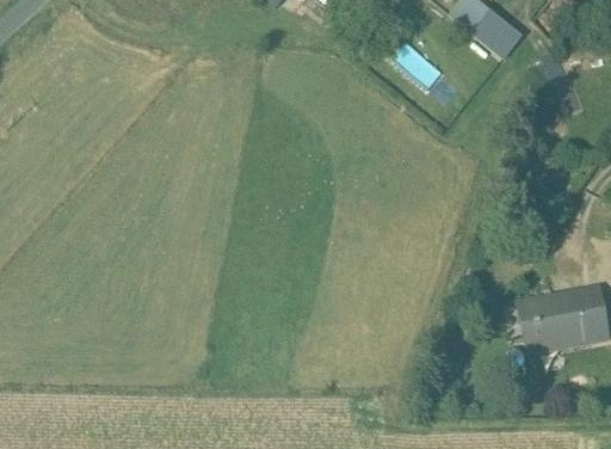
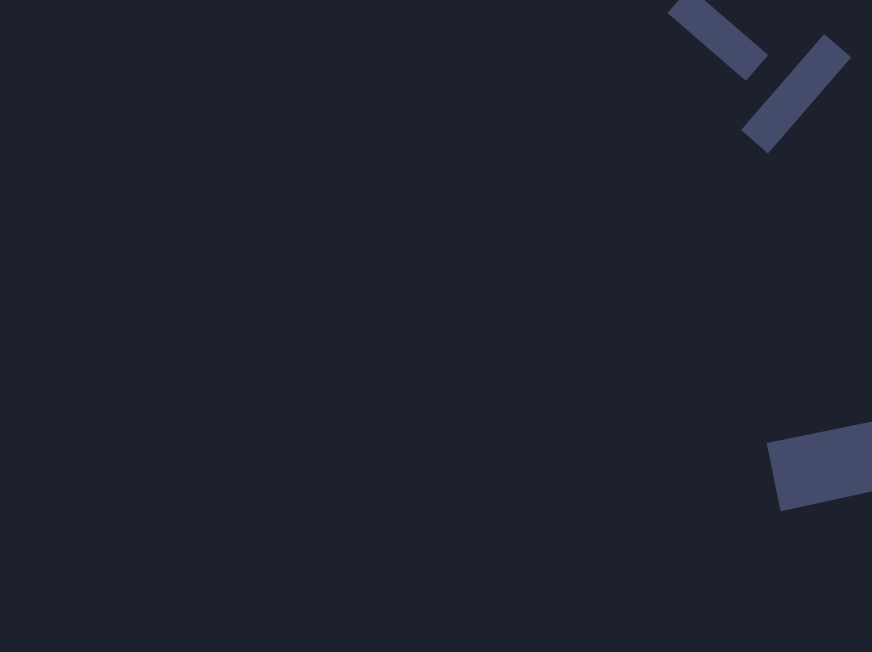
building: none -> [740,33,852,154]

